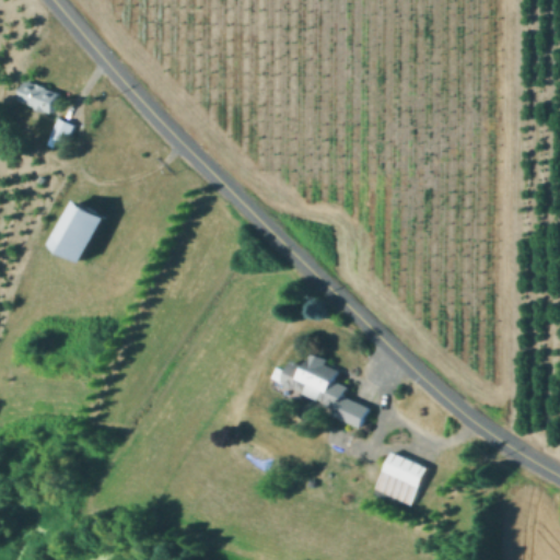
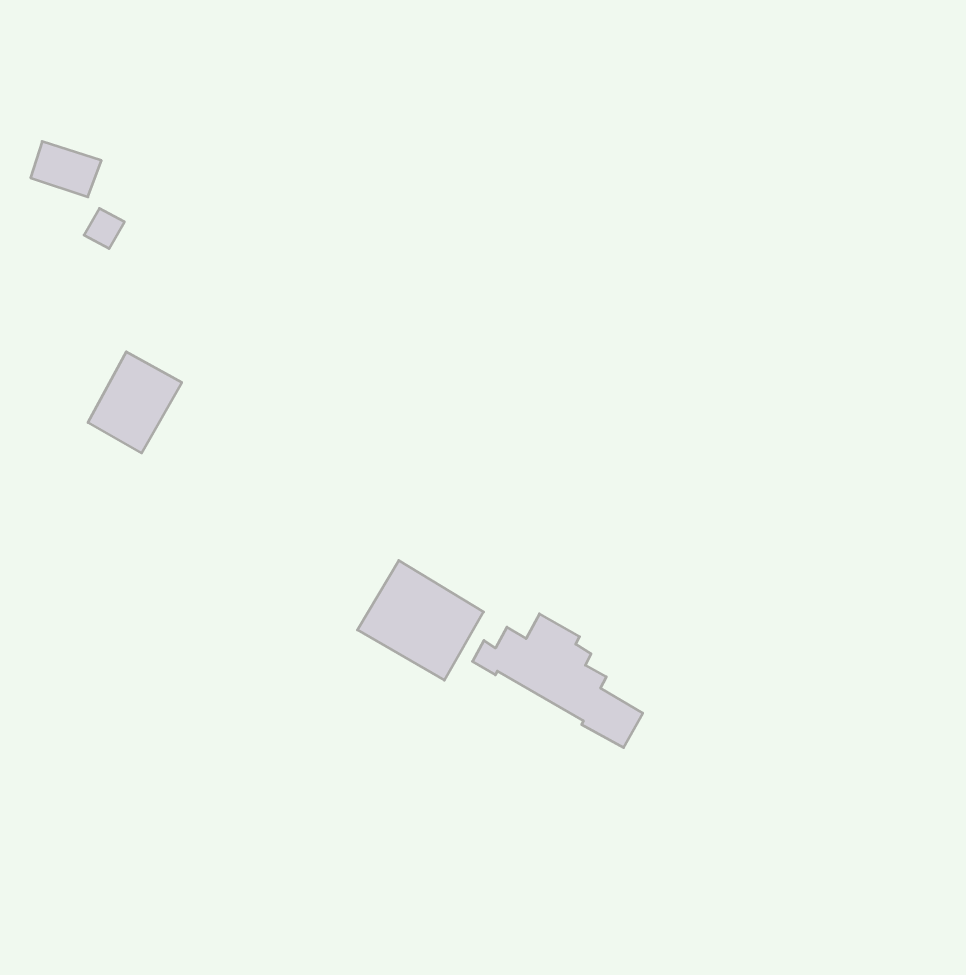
building: none -> [357,560,484,680]
building: [376,455,422,503] -> none

